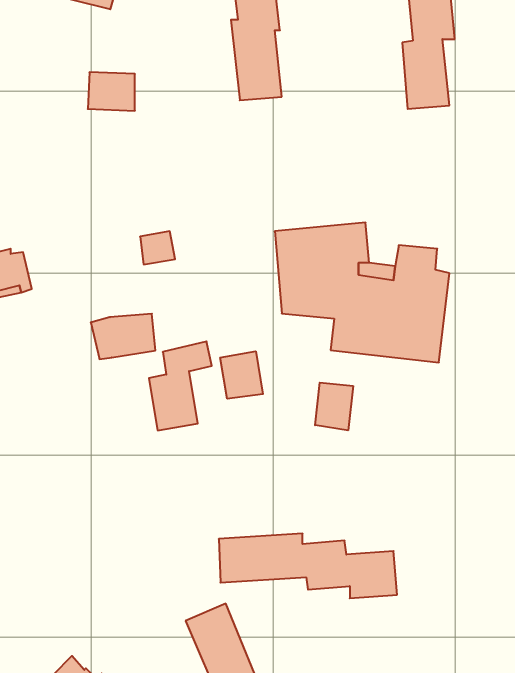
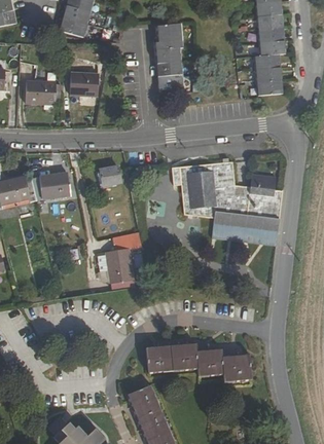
building: none -> [25,81,55,104]
building: [91,314,155,359] -> [31,174,69,200]
building: [220,351,263,399] -> none
building: [315,383,353,430] -> none

